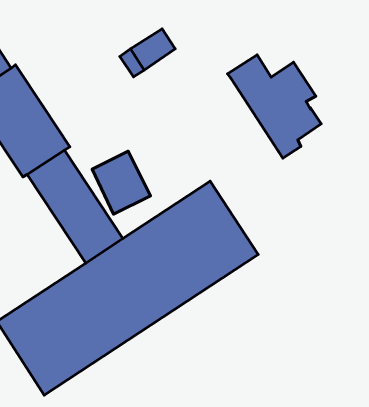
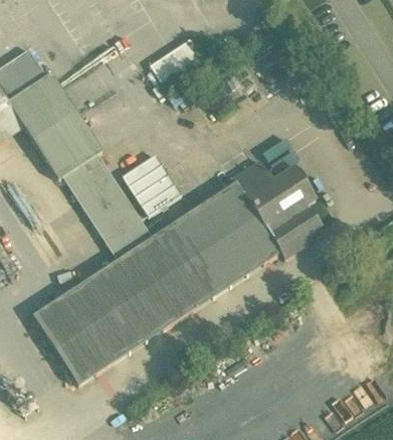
building: [228,55,321,158] -> [231,160,320,258]

